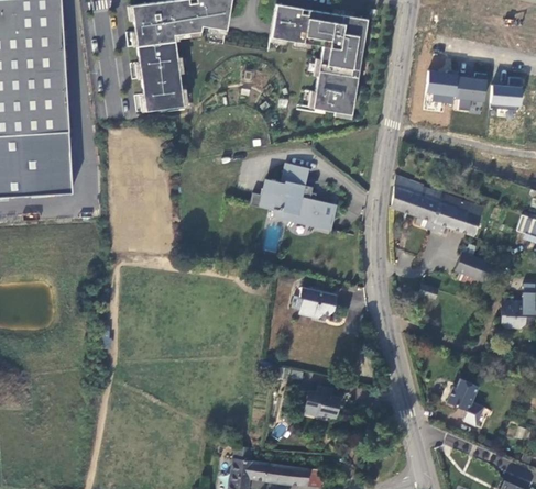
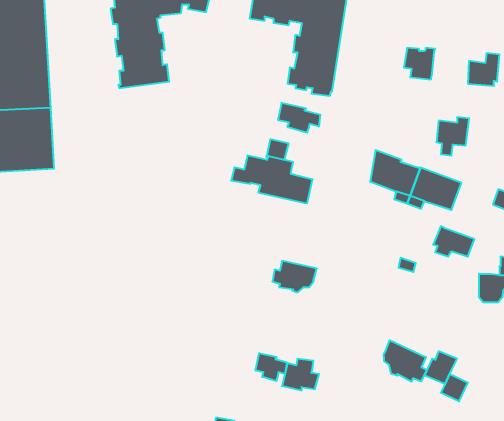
building: [453,73,486,111] -> [436,117,469,155]
building: none -> [278,103,320,133]
building: none -> [384,340,427,382]
building: none -> [256,353,287,381]

